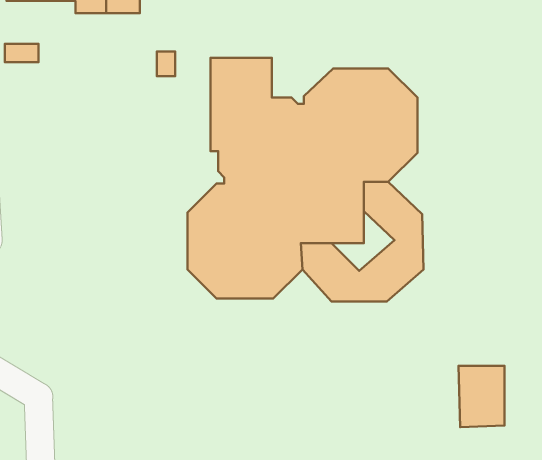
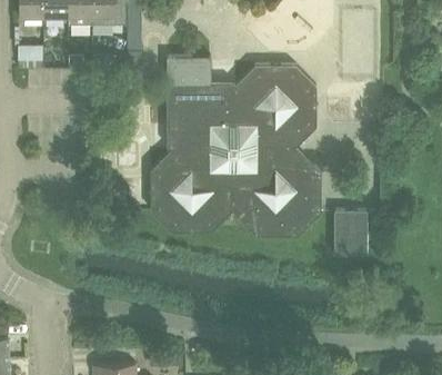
building: [458,366,505,427] -> [333,209,366,254]

